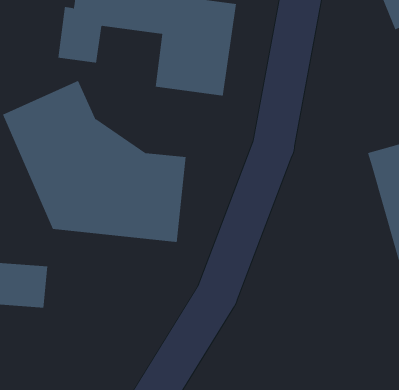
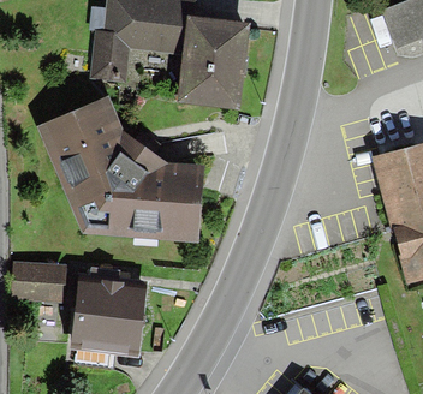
building: none -> [71,265,147,357]

